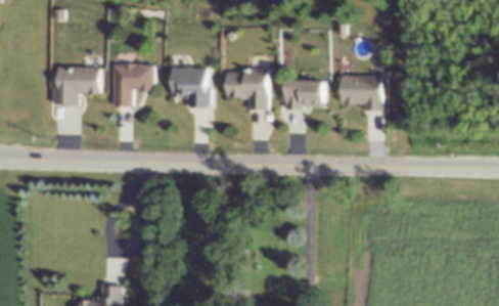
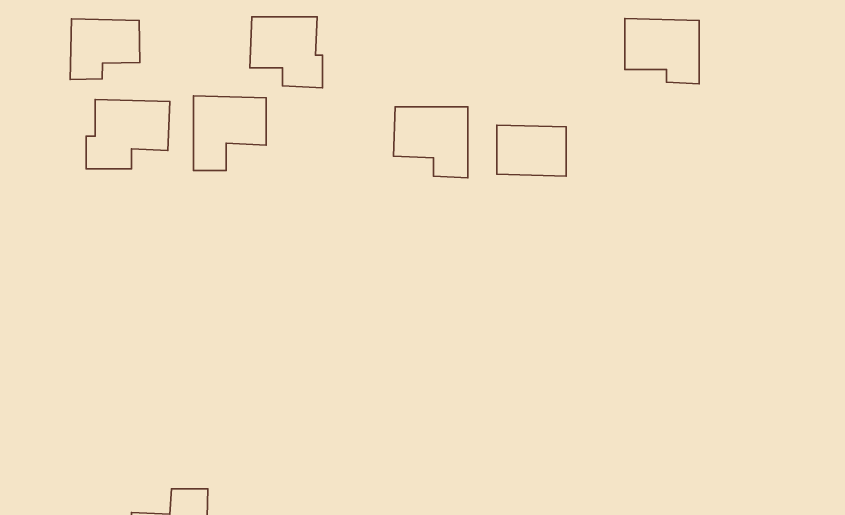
building: none -> [70,19,140,80]
building: [169,68,210,107] -> [250,17,323,88]
building: [338,75,380,112] -> [625,19,699,84]

